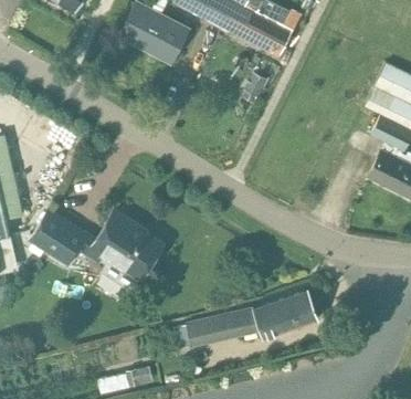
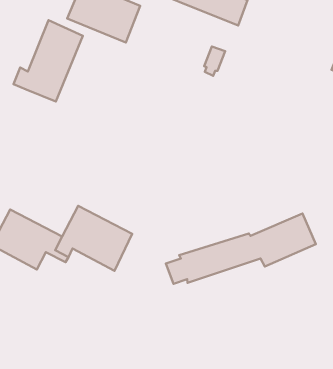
building: none -> [13,20,83,101]
building: [171,292,314,347] -> [166,214,316,284]

